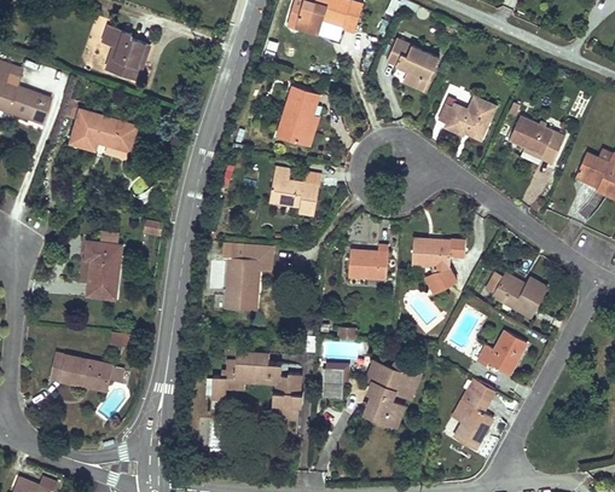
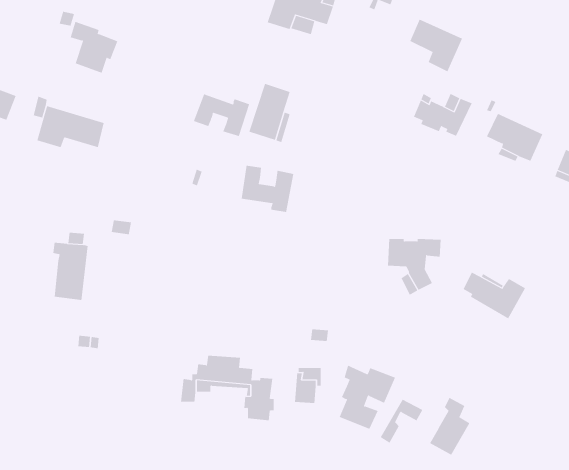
building: [387,39,439,91] -> [409,19,463,72]
building: none -> [193,93,250,137]
building: [226,244,272,311] -> none
building: [348,244,388,279] -> none
building: [477,331,527,374] -> none
building: [52,354,123,387] -> none
building: [452,380,494,423] -> [380,399,423,443]

